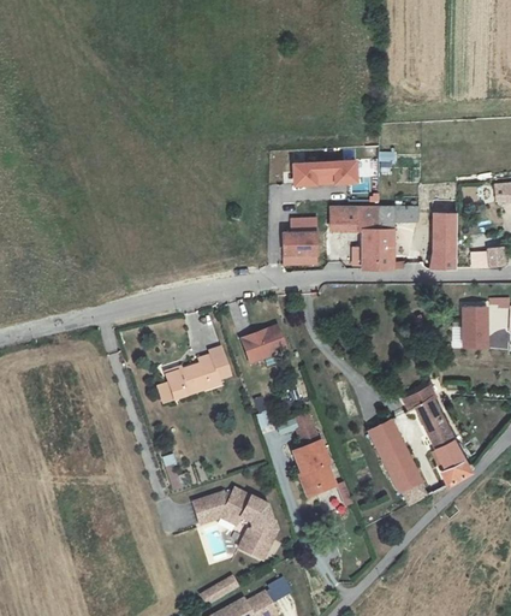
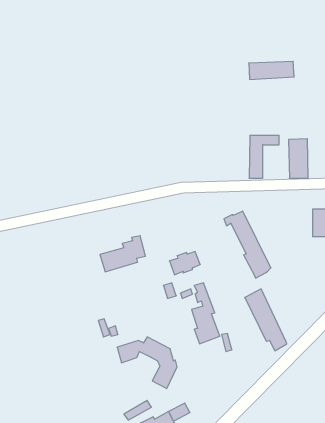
building: [293,161,357,186] -> [249,61,294,79]
building: [328,203,376,265] -> none
building: [283,218,317,263] -> none
building: [243,328,286,361] -> [169,252,200,275]
building: [405,391,471,485] -> [224,211,271,278]

